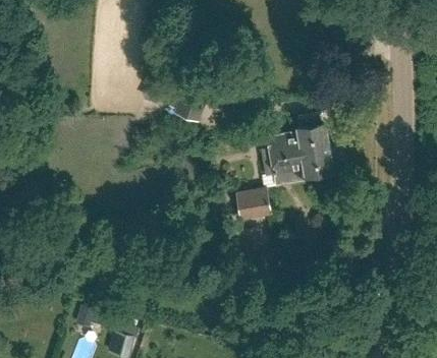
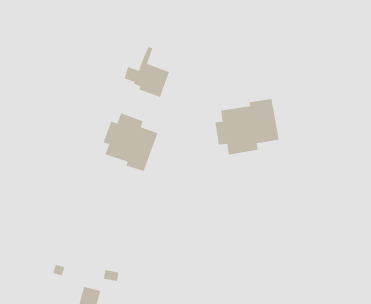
building: none -> [103,112,158,172]
building: [238,190,273,221] -> none

